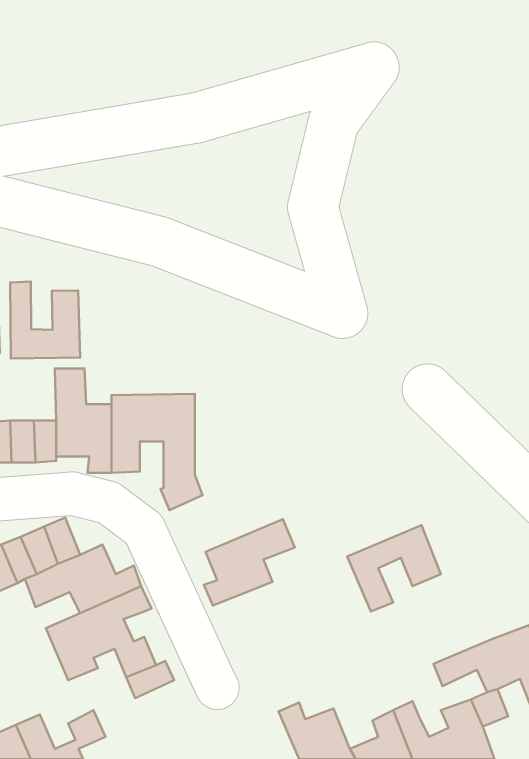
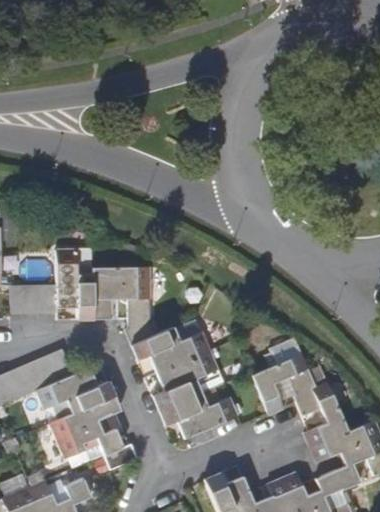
building: [10,282,80,359] -> none
building: none -> [132,326,208,372]
building: none -> [295,382,347,447]
building: none -> [161,392,237,438]

